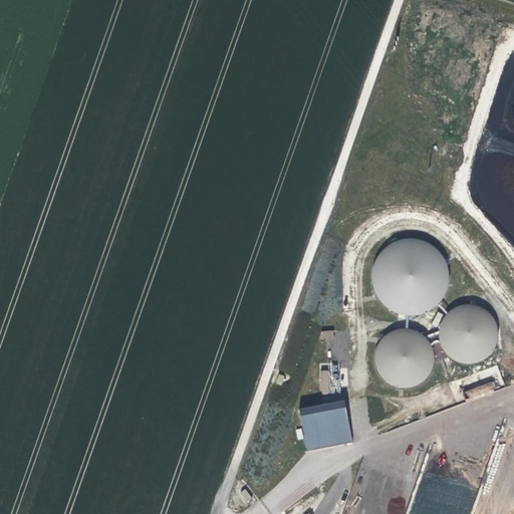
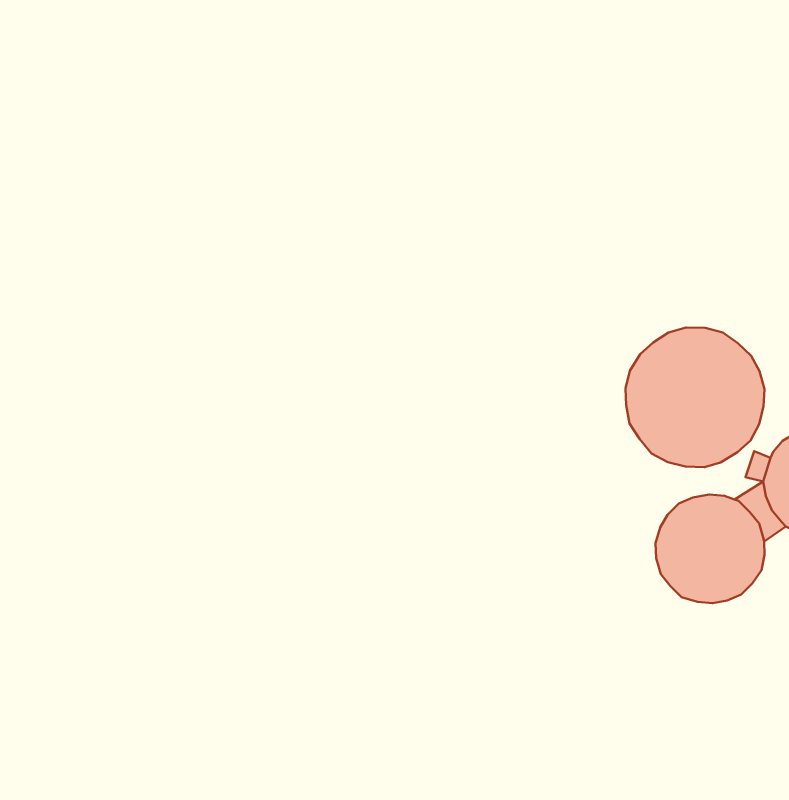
building: [299,404,353,451] -> none

